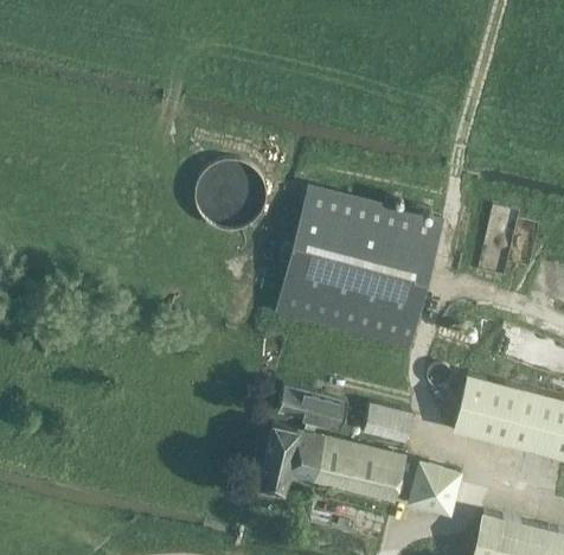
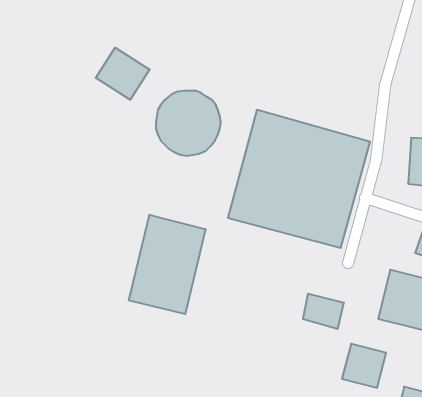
building: none -> [96,48,150,100]
building: none -> [129,215,205,314]
building: [258,387,406,502] -> none

